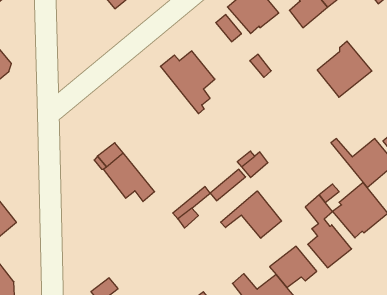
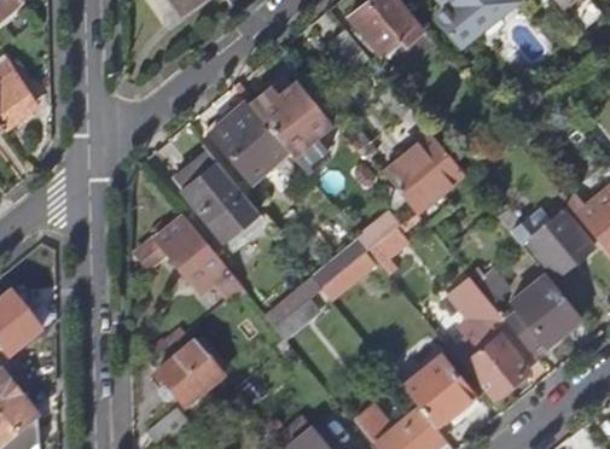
building: [317,41,372,97] -> [384,128,464,210]
building: none -> [205,100,281,179]
building: none -> [174,148,258,238]
building: [221,191,282,238] -> none
building: none -> [156,345,221,410]

